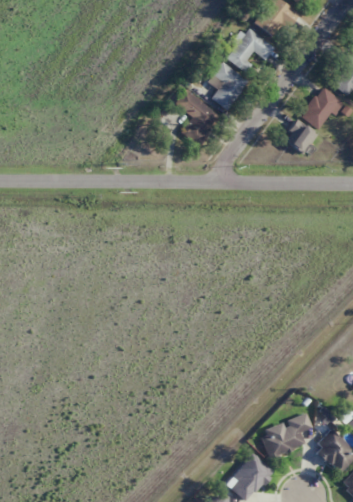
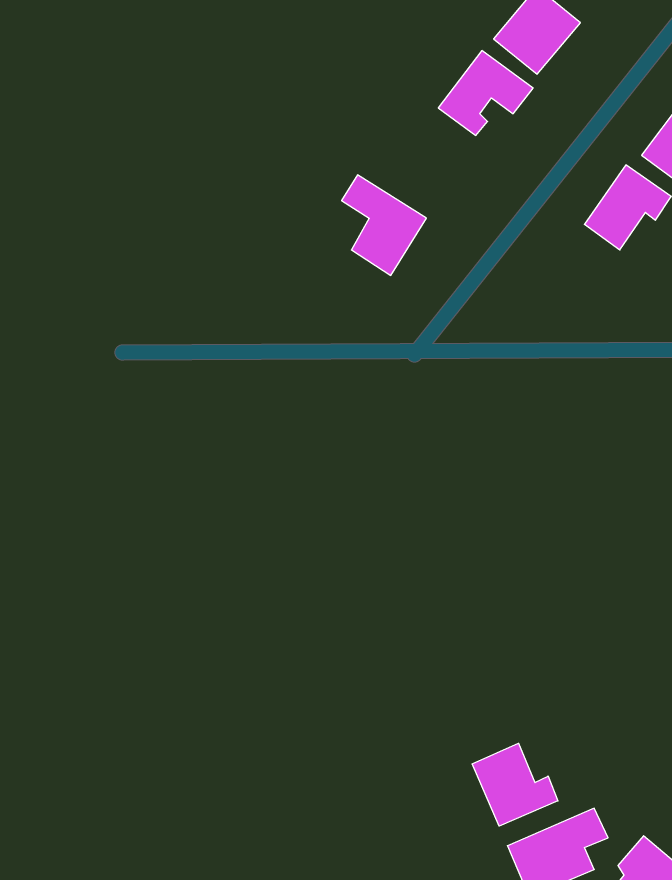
building: [212,62,248,110] -> none
building: [284,119,317,153] -> none
building: none -> [472,743,558,826]

